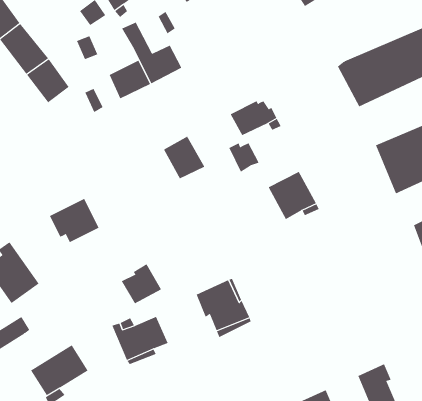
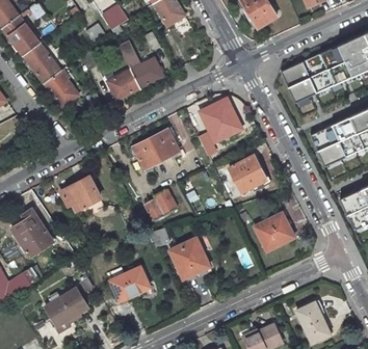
building: none -> [132,138,160,169]
building: none -> [257,213,297,253]
building: [121,264,162,304] -> [144,189,176,220]

